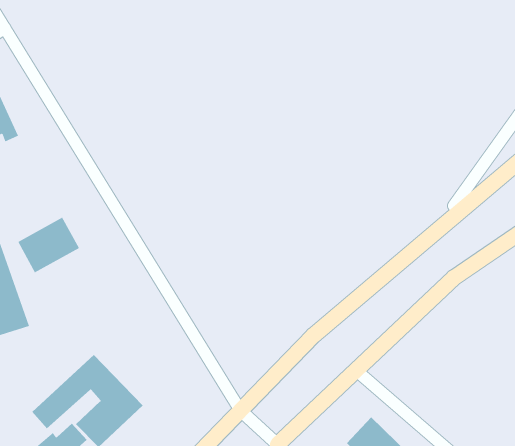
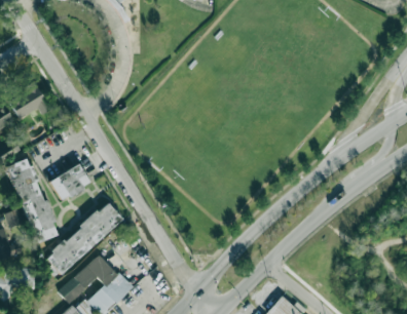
building: none -> [44,201,121,274]

